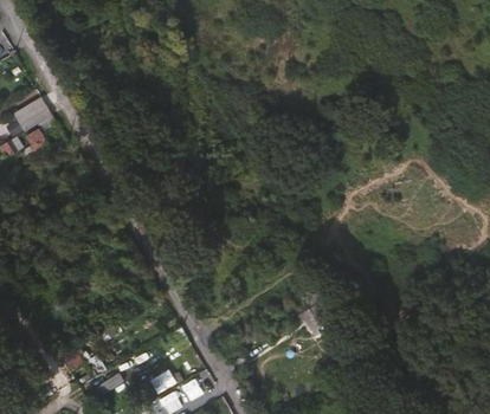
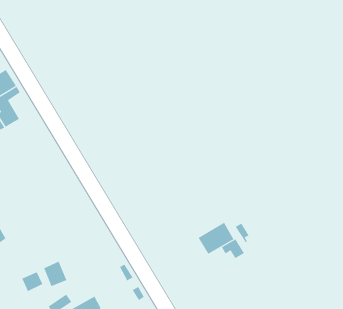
building: none -> [198,222,234,254]
building: none -> [43,261,67,287]

